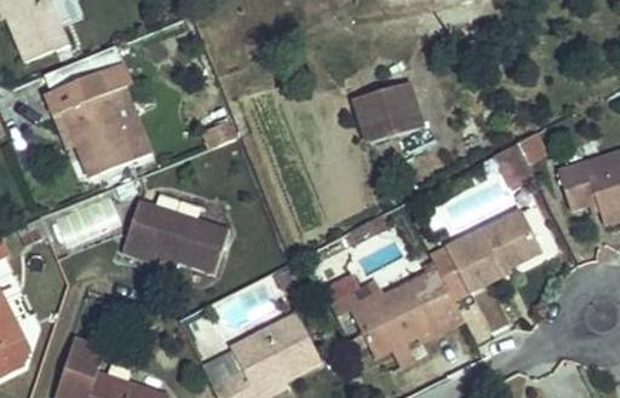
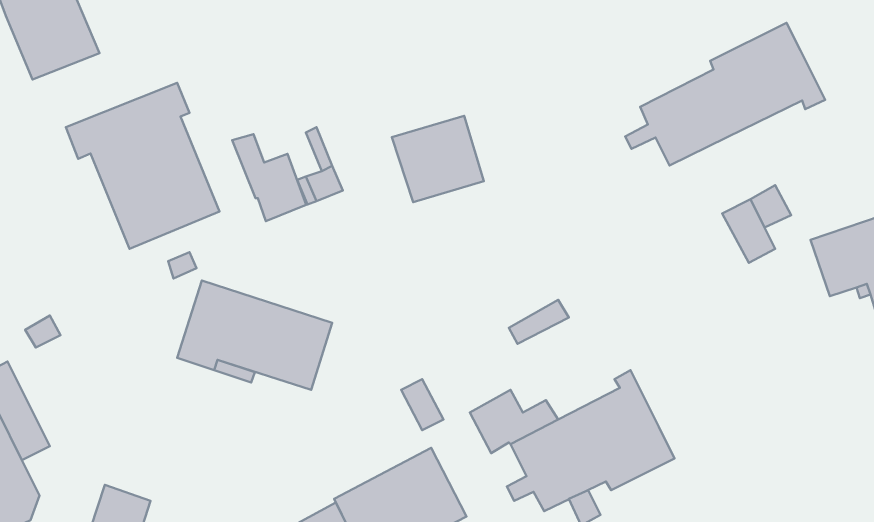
building: none -> [625,23,825,165]
building: [355,82,418,142] -> [392,116,484,202]
building: none -> [232,134,306,221]
building: [430,209,540,299] -> none

